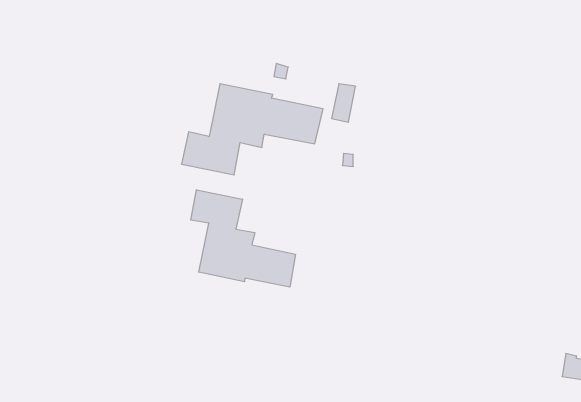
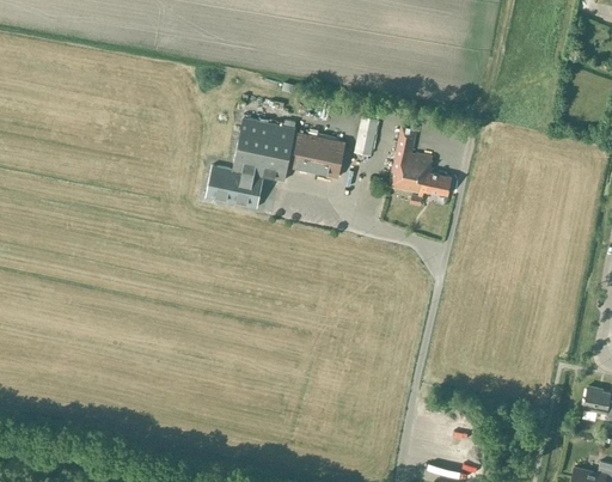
building: none -> [388,126,453,206]
building: [191,190,295,287] -> none

